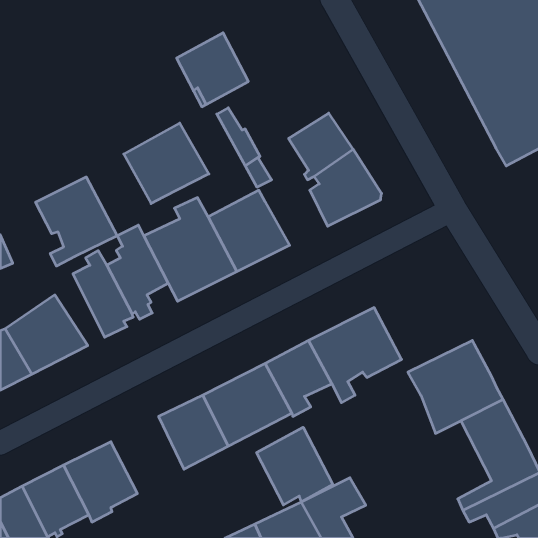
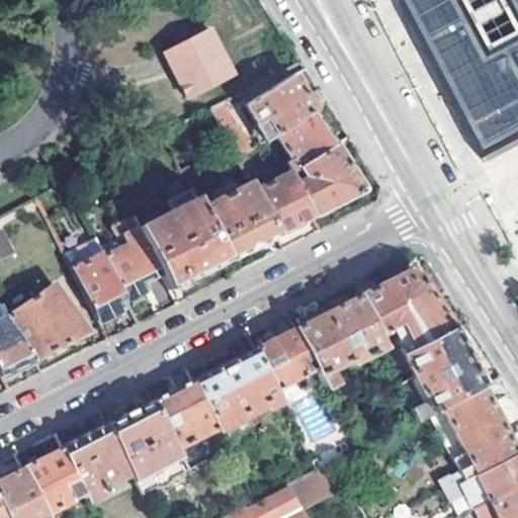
building: none -> [245,75,317,141]
building: [124,123,209,204] -> none
building: [36,177,117,266] -> none
building: none -> [256,174,316,235]
building: none -> [360,270,454,356]
building: none -> [108,399,189,494]
building: [257,427,333,505] -> none

